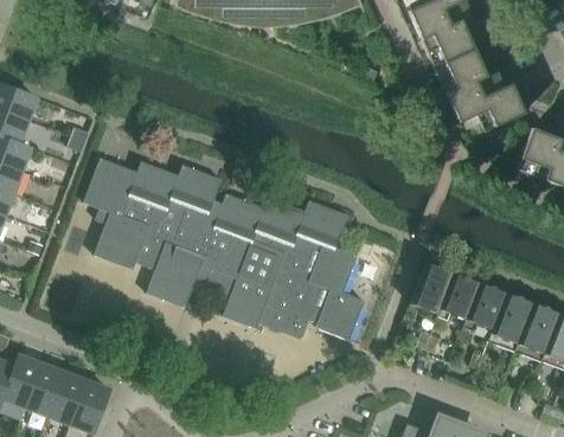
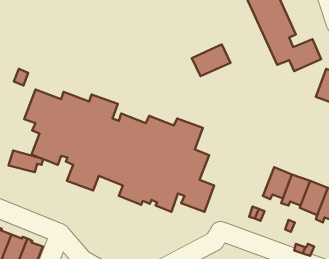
building: none -> [192,45,231,76]
building: none -> [8,150,43,172]
building: [411,264,453,314] -> none

